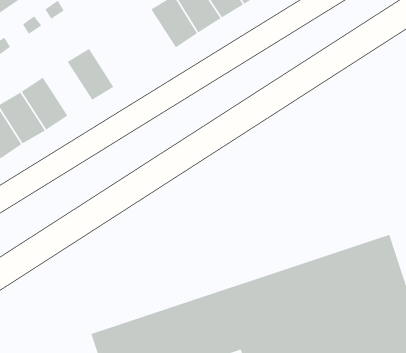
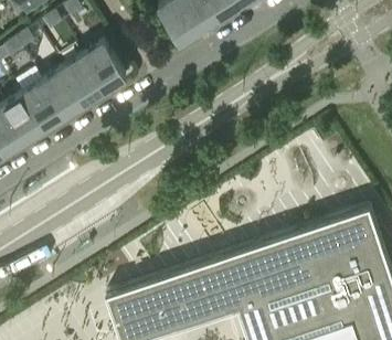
building: none -> [63,56,106,104]

